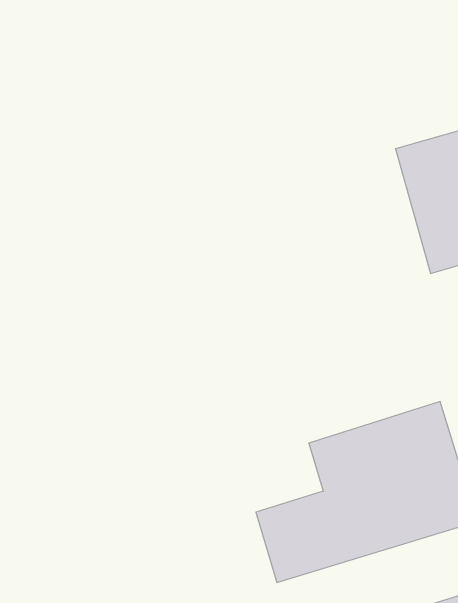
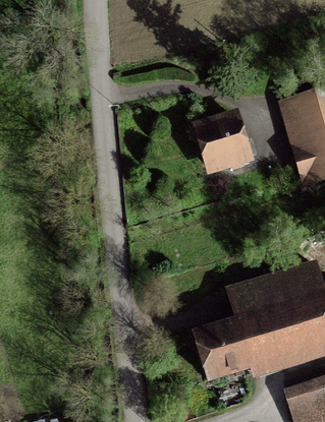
building: none -> [197,116,246,167]

